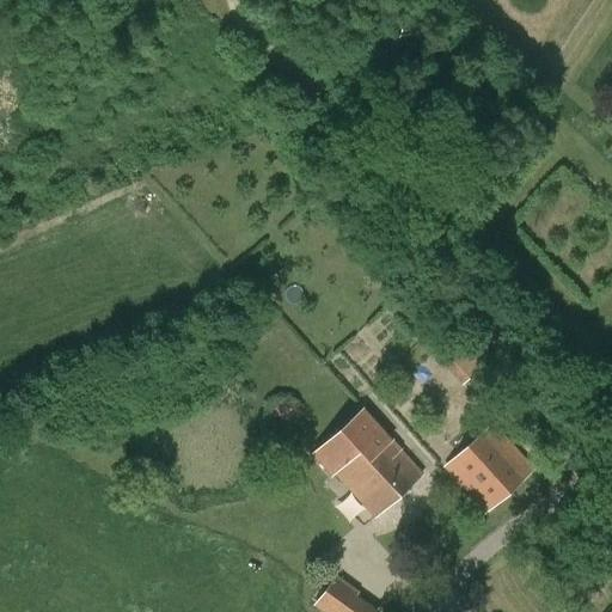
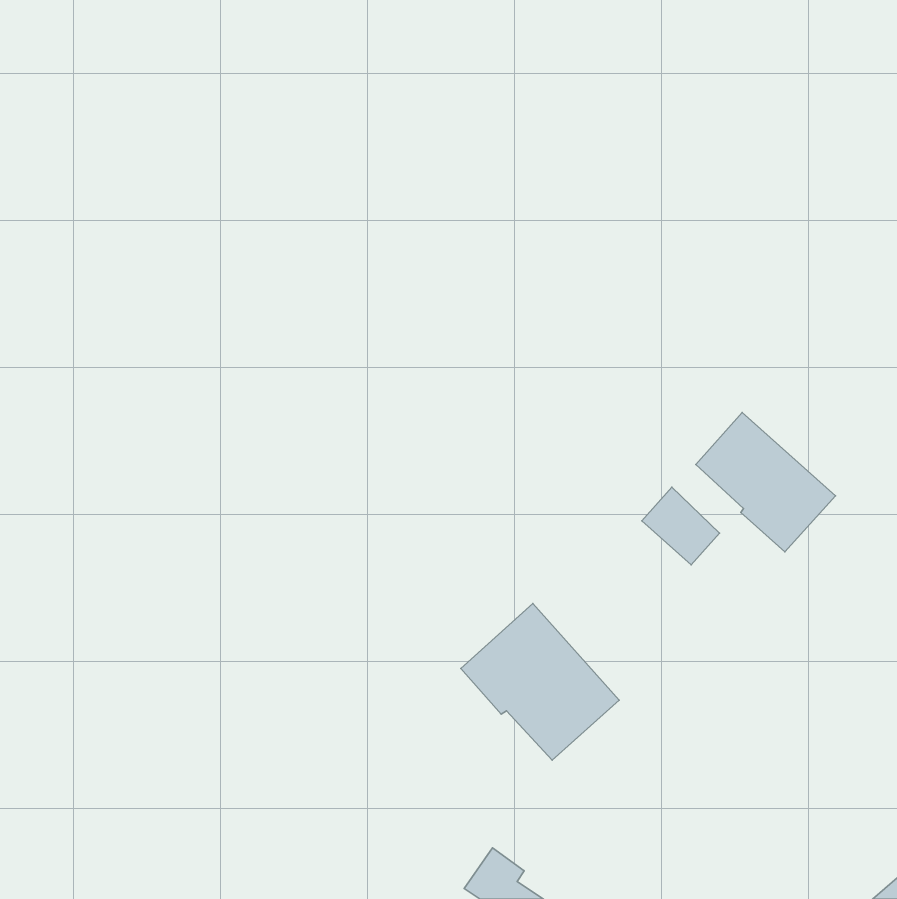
building: none -> [696,412,836,552]
building: [445,424,534,513] -> none

